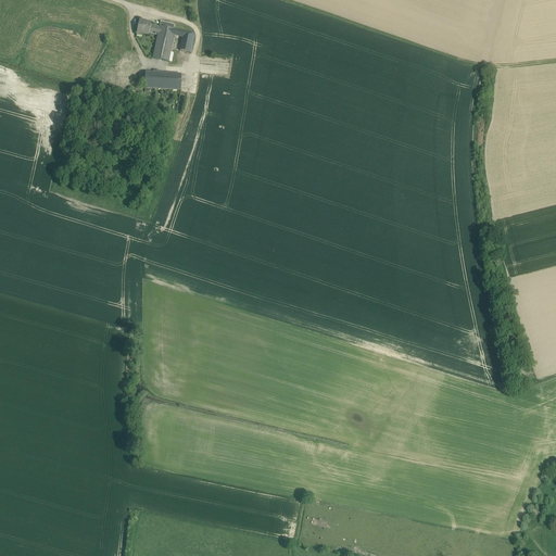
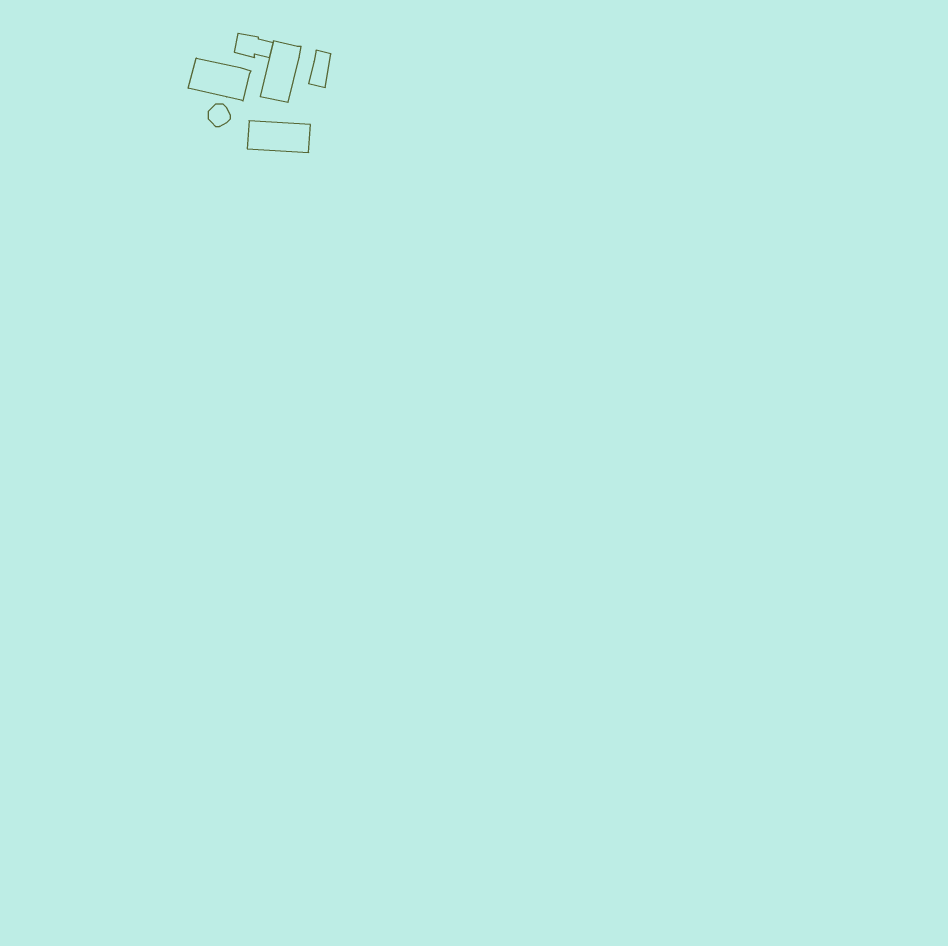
building: none -> [188,58,251,101]

